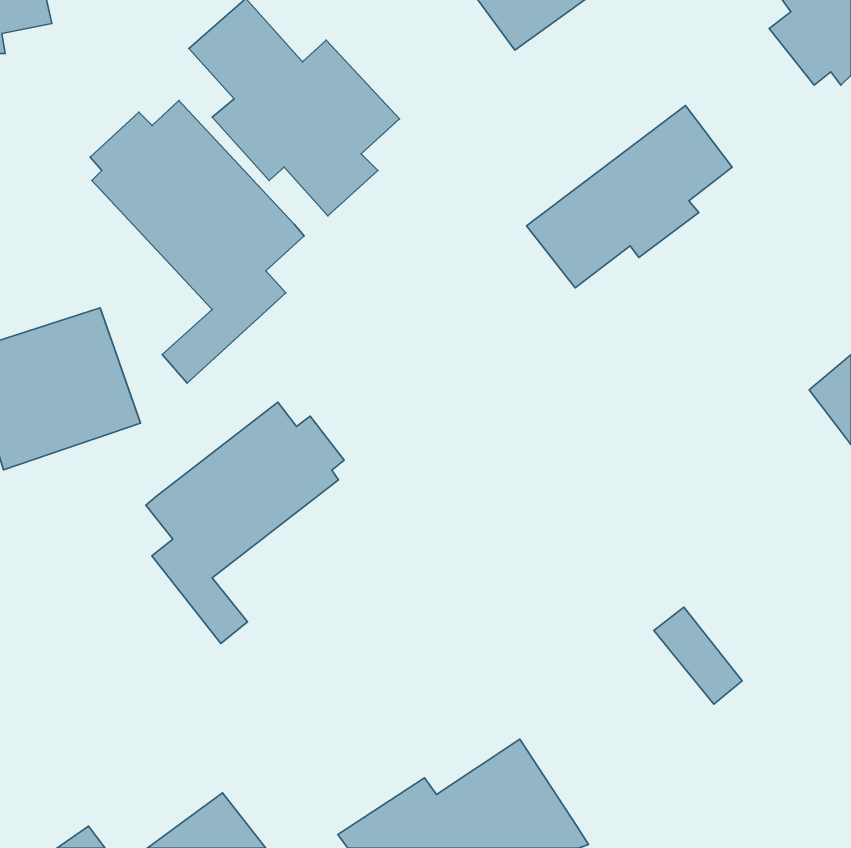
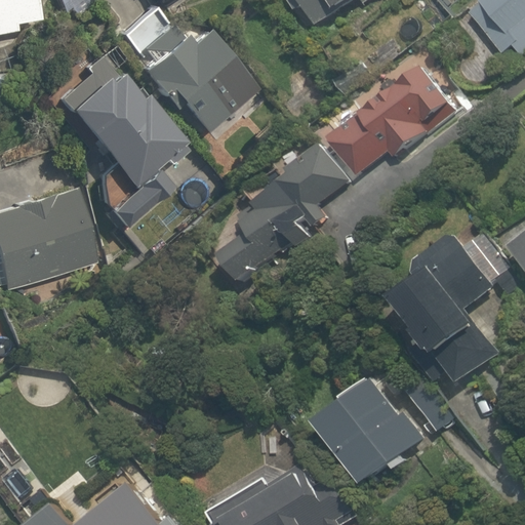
building: none -> [221,148,351,284]
building: none -> [383,231,498,388]
building: [146,402,344,644] -> none
building: none -> [312,371,433,492]

